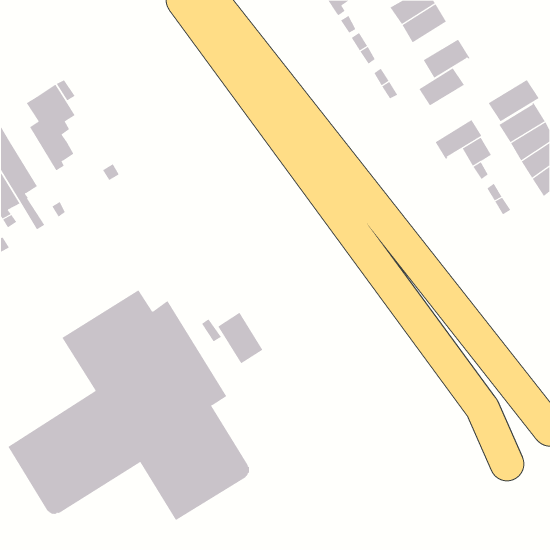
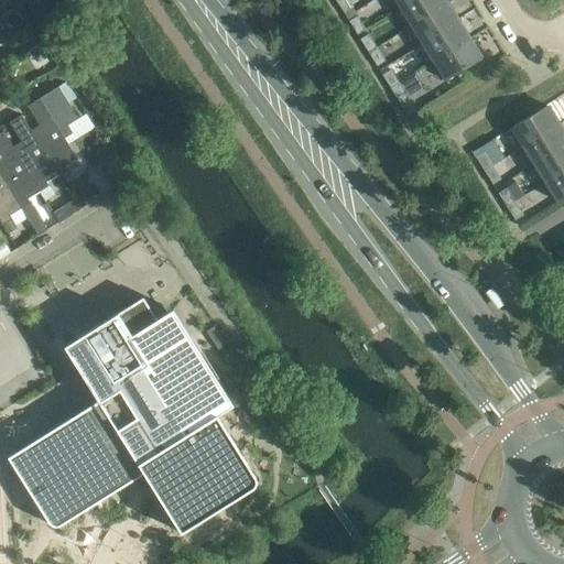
building: [419,67,465,106] -> [422,22,469,62]
building: [488,79,539,122] -> none
building: none -> [8,113,57,200]
building: [435,119,482,160] -> none
building: [218,312,263,364] -> none

